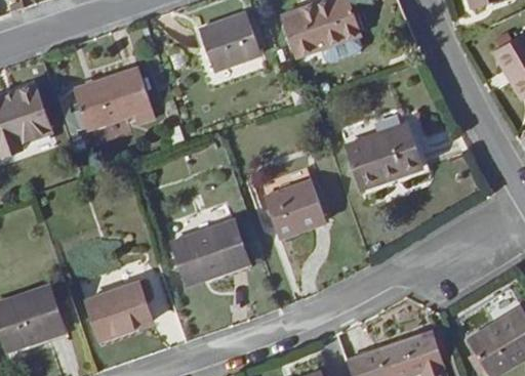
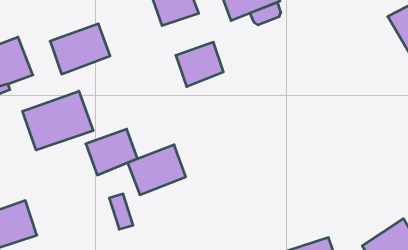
building: [346,126,417,187] -> none
building: none -> [23,91,93,150]
building: [264,178,323,234] -> [176,42,223,87]
building: [84,281,149,338] -> [86,129,137,175]

